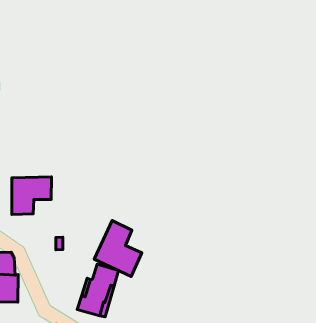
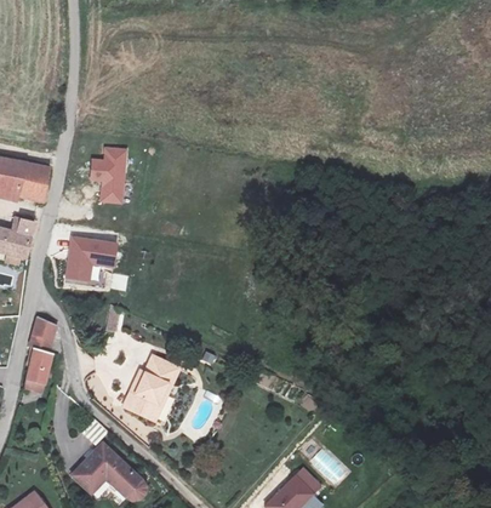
building: none -> [89,147,126,205]
building: [94,220,142,277] -> none

